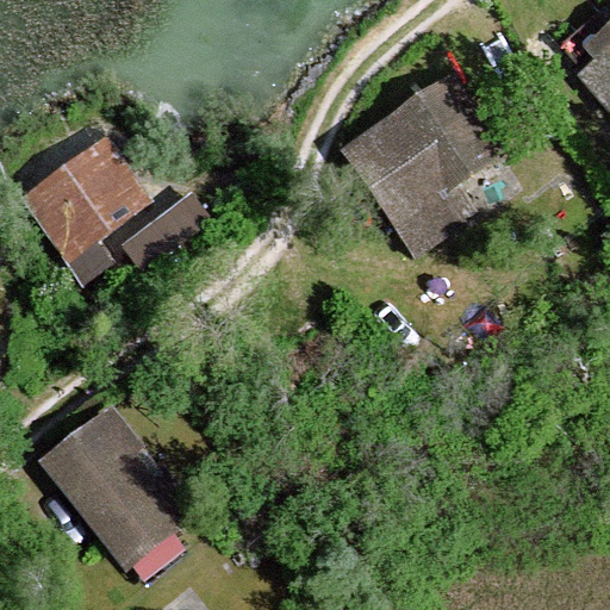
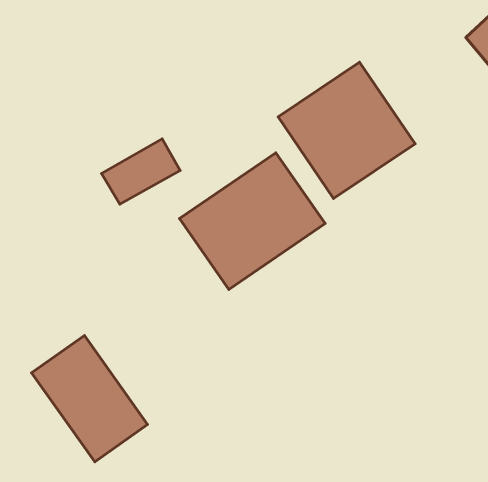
building: [23,141,142,255] -> none
building: none -> [179,153,325,289]

